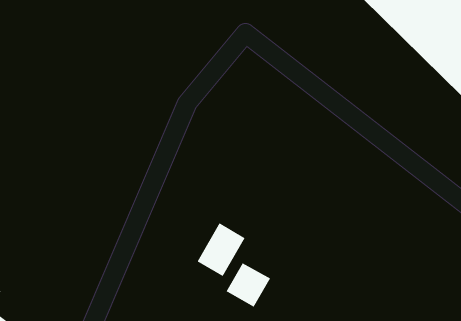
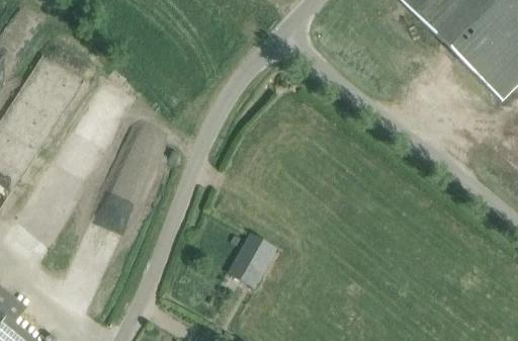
building: [226,262,271,307] -> none

